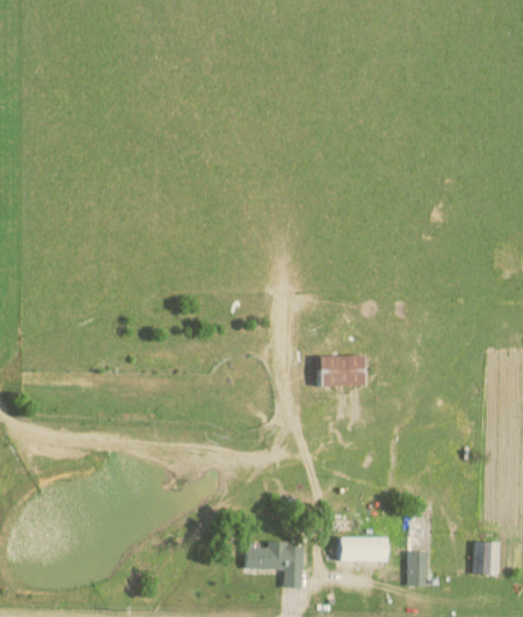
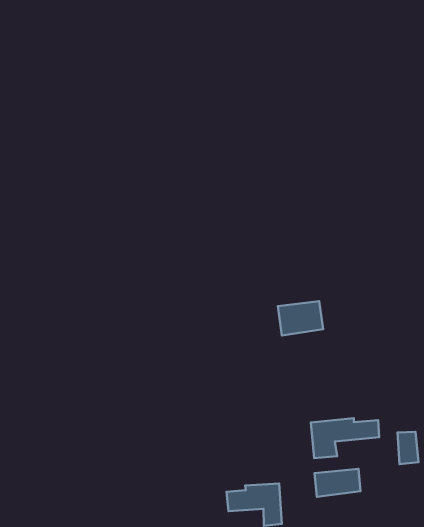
building: none -> [311,418,379,458]
building: [407,551,428,584] -> [397,432,419,464]

